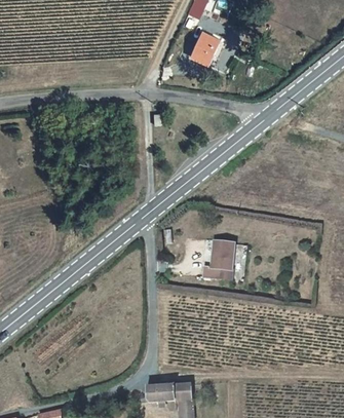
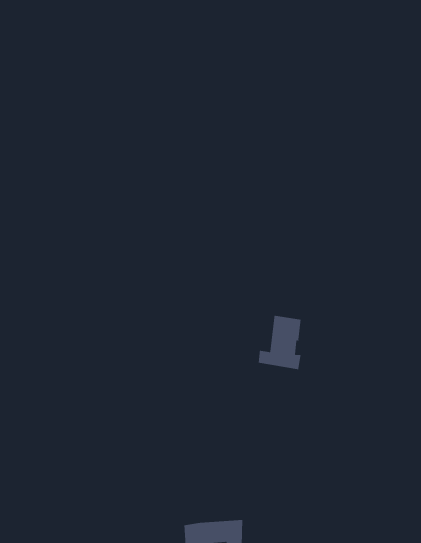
building: [187,32,215,64] -> none

